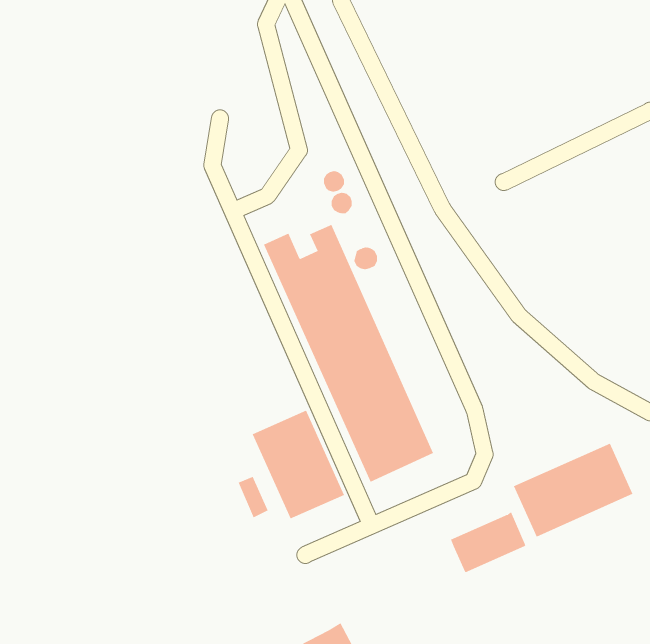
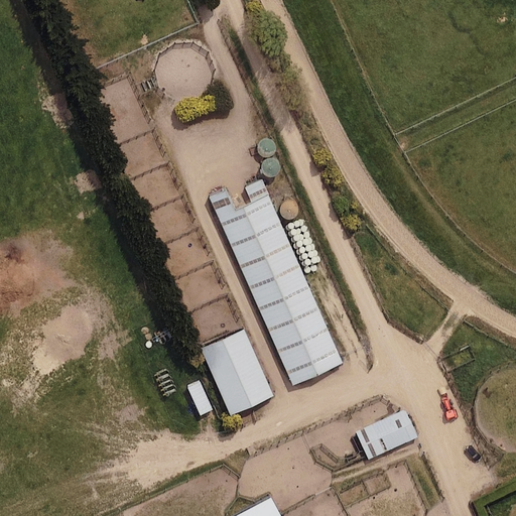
building: [513,443,633,537] -> none

